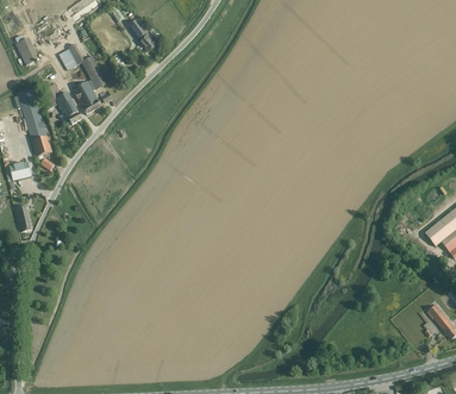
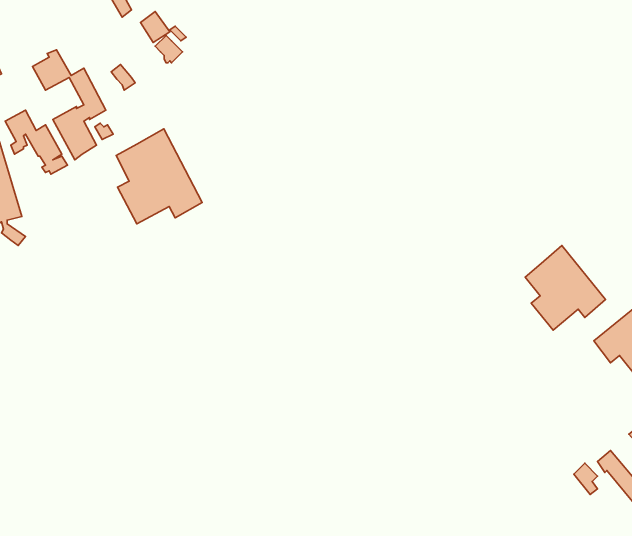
building: none -> [116,129,202,224]
building: none -> [525,245,606,330]

